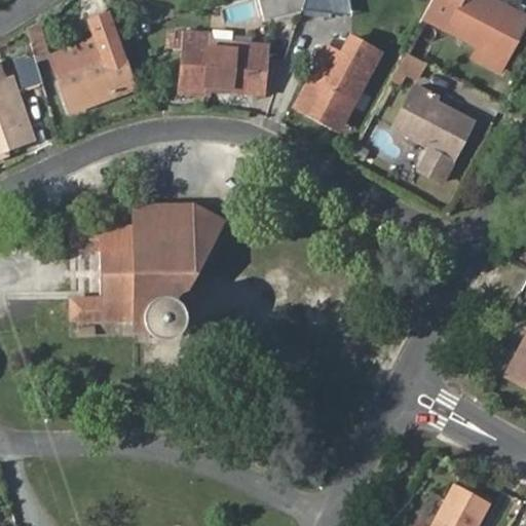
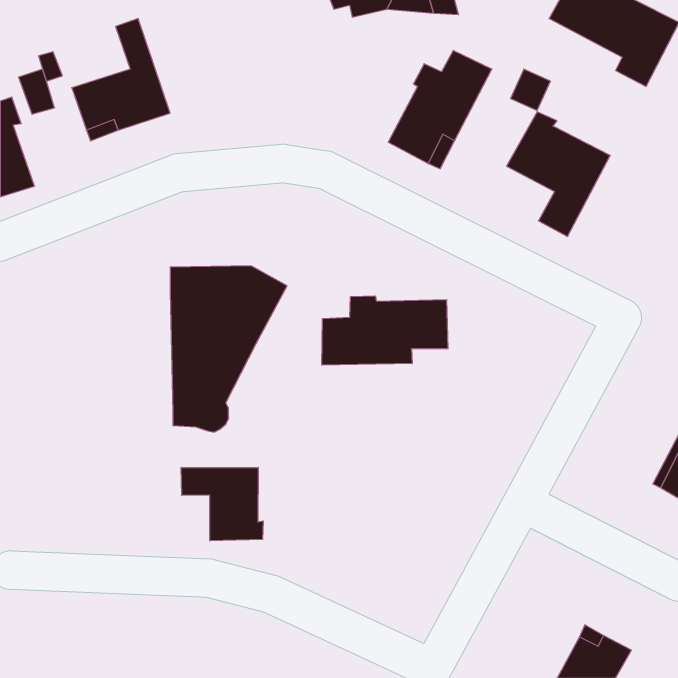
building: [173,32,266,93] -> none
building: [51,226,135,318] -> none
building: none -> [322,296,448,365]
building: none -> [181,467,263,541]

